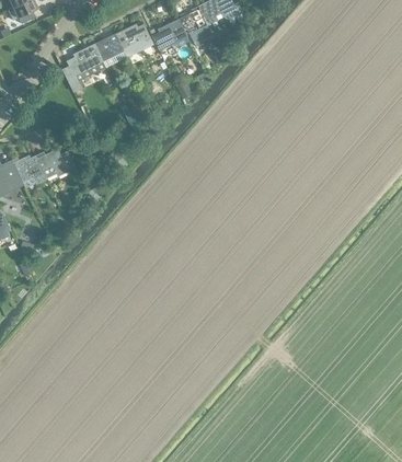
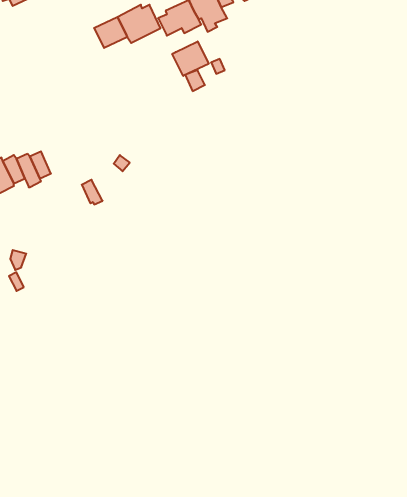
building: [62,44,106,92] -> none
building: none -> [172,41,209,76]
building: [48,150,77,175] -> none

